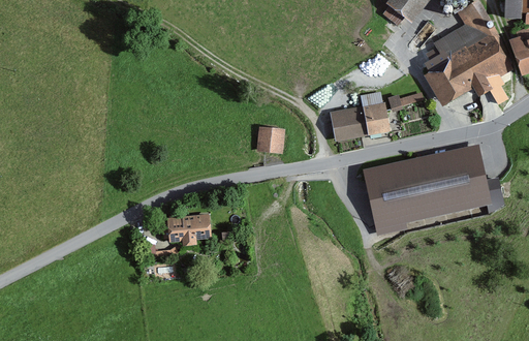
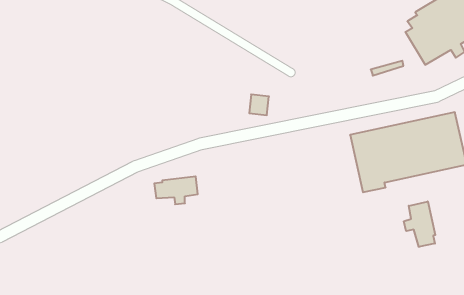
building: [333,94,385,137] -> none
building: none -> [404,201,435,247]

